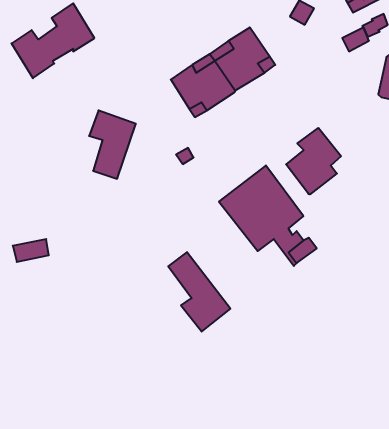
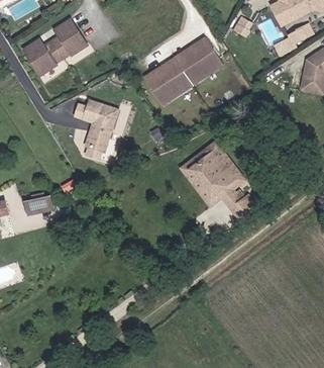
building: [286,128,341,194] -> none
building: [168,252,230,332] -> none

